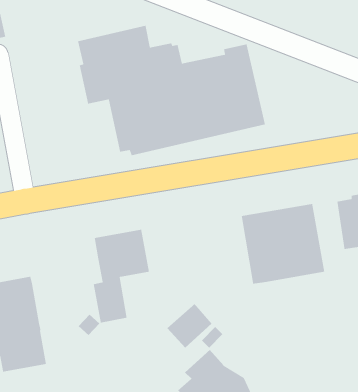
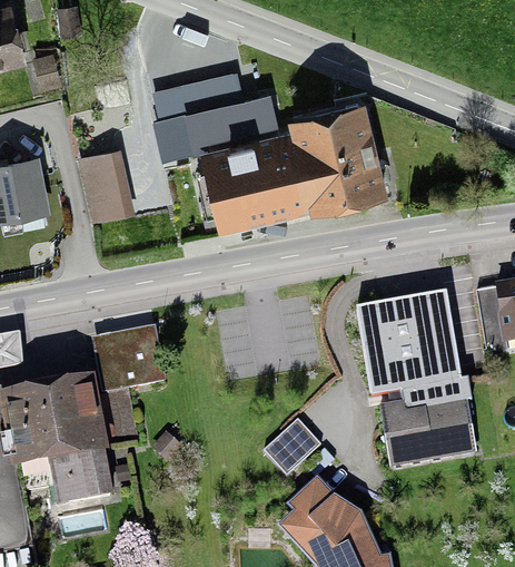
building: none -> [78,146,135,222]
building: [93,229,150,324] -> [95,325,166,444]
building: none -> [378,379,476,469]

